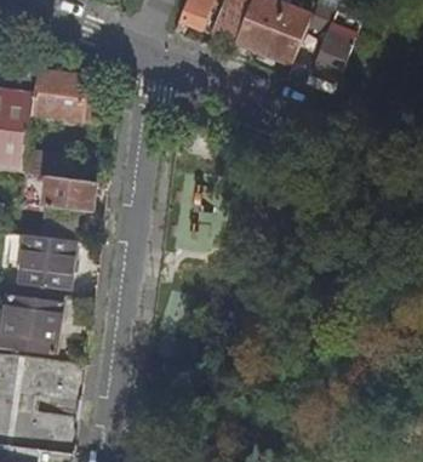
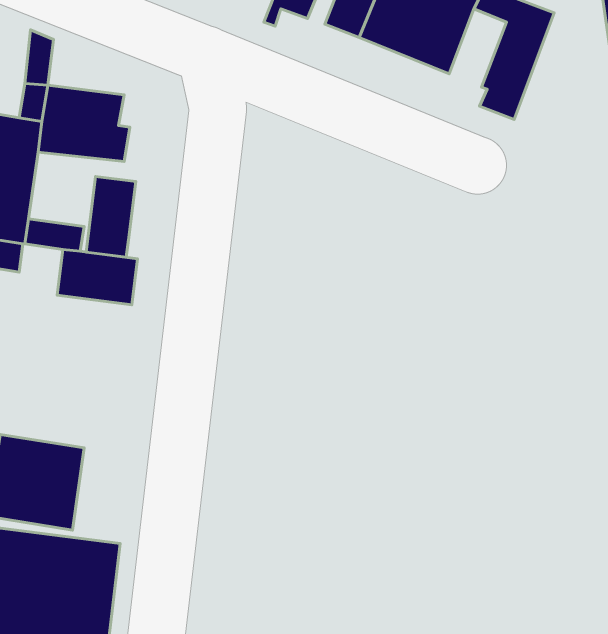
building: none -> [86,176,136,257]
building: [18,234,72,287] -> none

